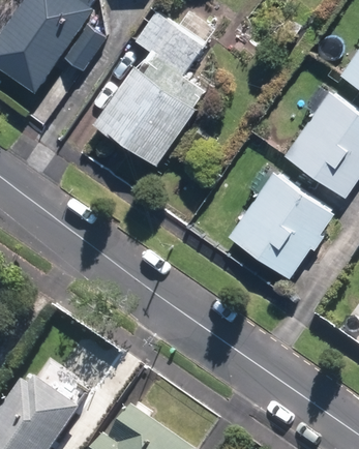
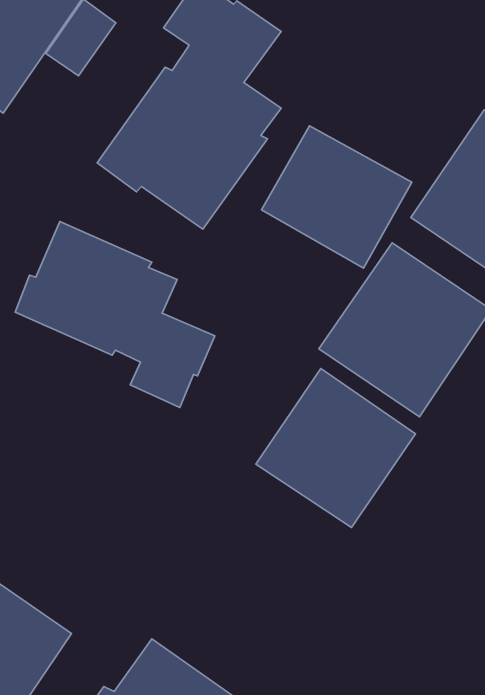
building: none -> [262,126,412,268]
building: none -> [15,222,215,408]
building: none -> [256,368,416,528]

